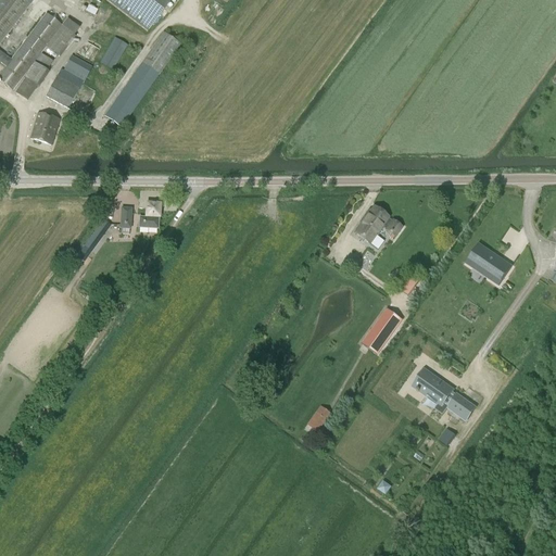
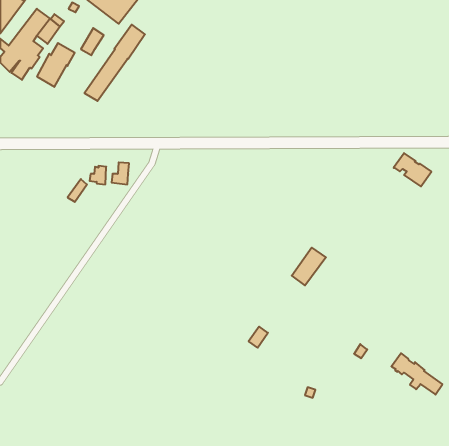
building: [30,111,59,143] -> none
building: [354,205,401,243] -> none
building: [465,242,511,283] -> [394,153,431,186]
building: [412,368,475,419] -> [391,353,442,395]

